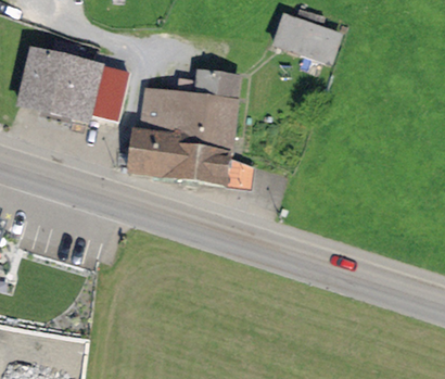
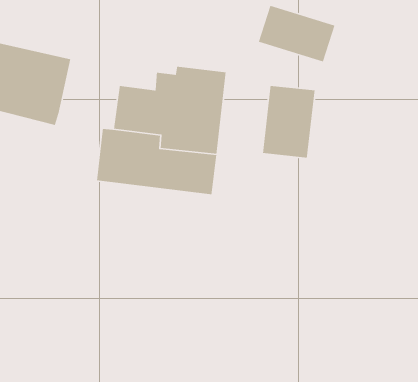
building: [91,62,128,117] -> none
building: none -> [262,85,315,158]

